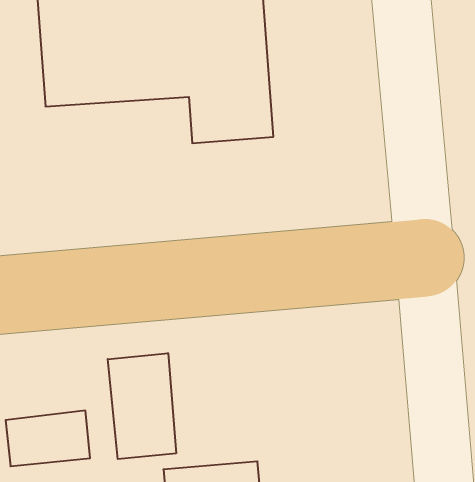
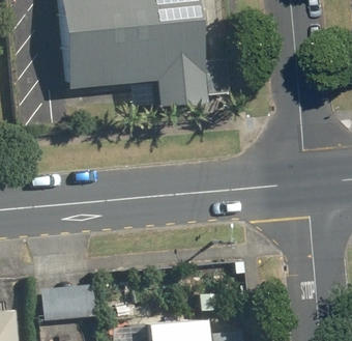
building: [108,353,176,459] -> none

